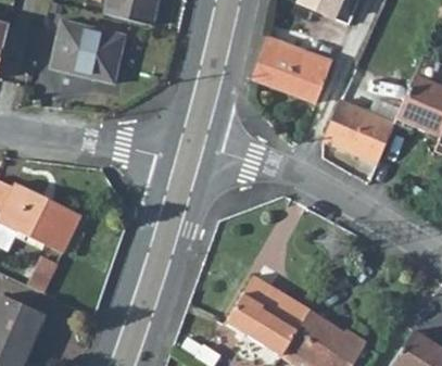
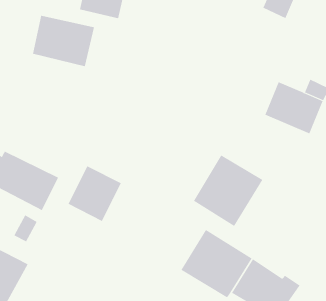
building: [252,37,331,102] -> none
building: none -> [193,155,263,227]
building: none -> [68,165,121,222]

